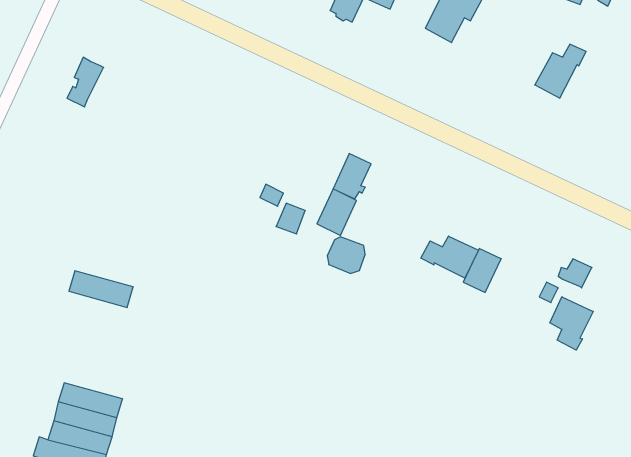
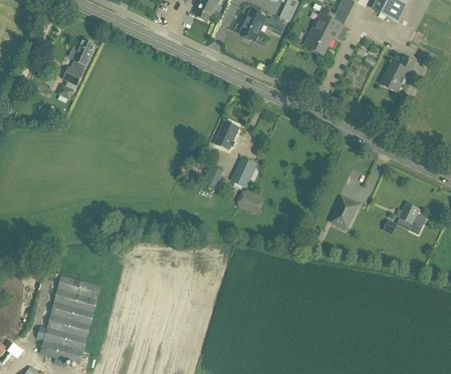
building: none -> [69,37,95,70]
building: [333,154,371,199] -> [213,118,239,149]
building: [421,236,478,278] -> none
building: [69,271,133,307] -> [56,274,100,299]
building: [550,297,593,350] -> none

